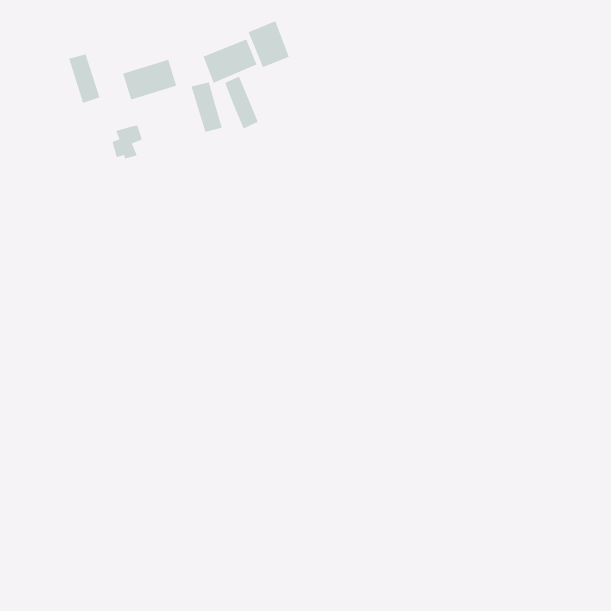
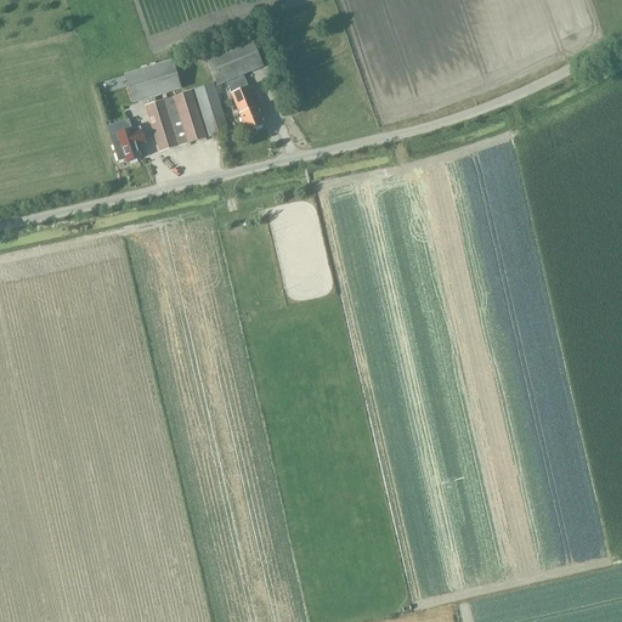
building: [248,20,290,68] -> none
building: [68,53,100,104] -> [146,100,179,151]
building: none -> [175,90,207,141]

